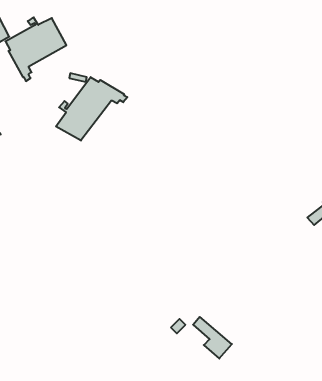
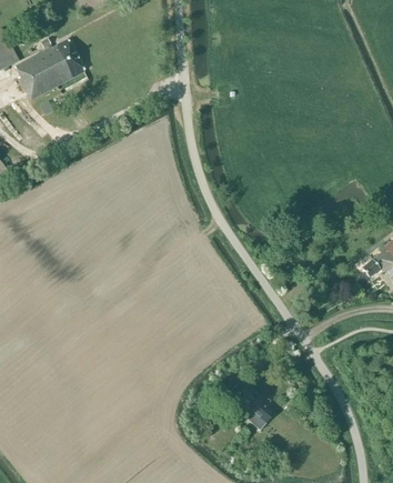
building: [56,77,127,141] -> none

